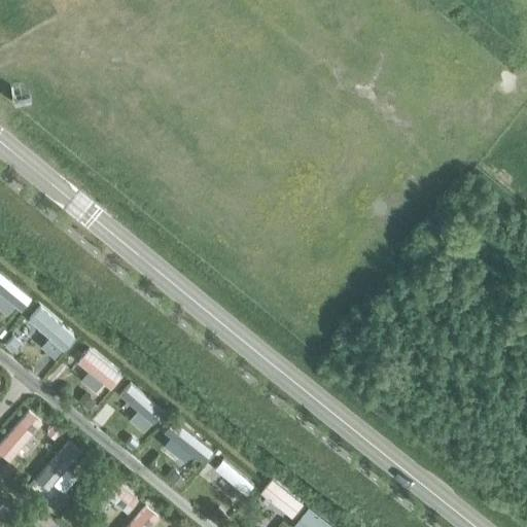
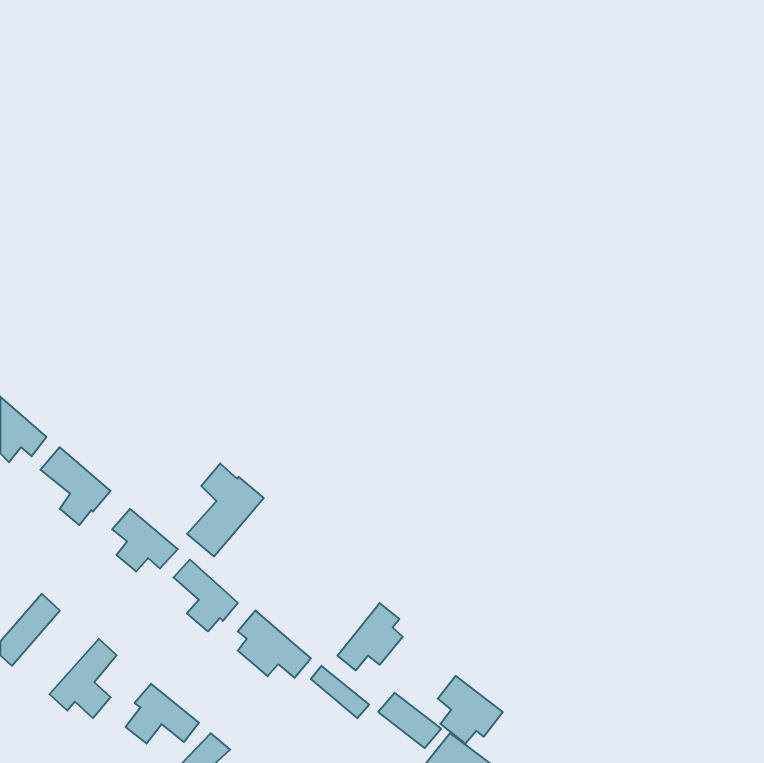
building: none -> [187,463,264,556]
building: none -> [337,603,403,670]
building: none -> [438,676,503,743]

